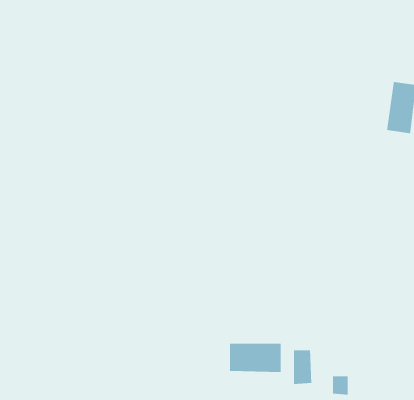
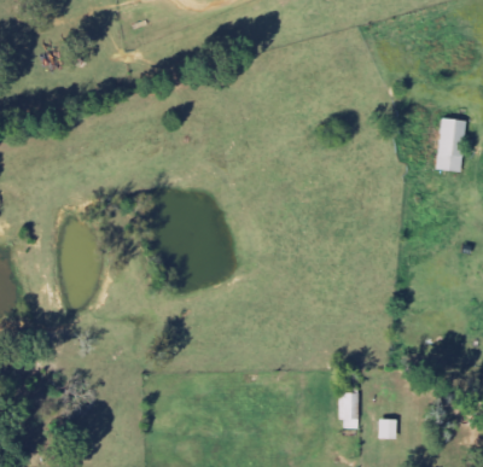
building: [229,343,282,373] -> none

